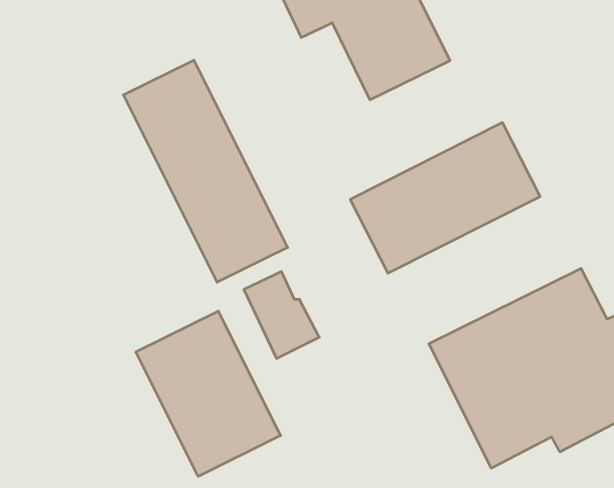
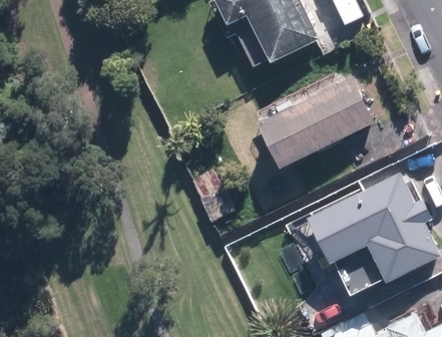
building: [123,60,288,282] -> none
building: [136,311,281,476] -> none

